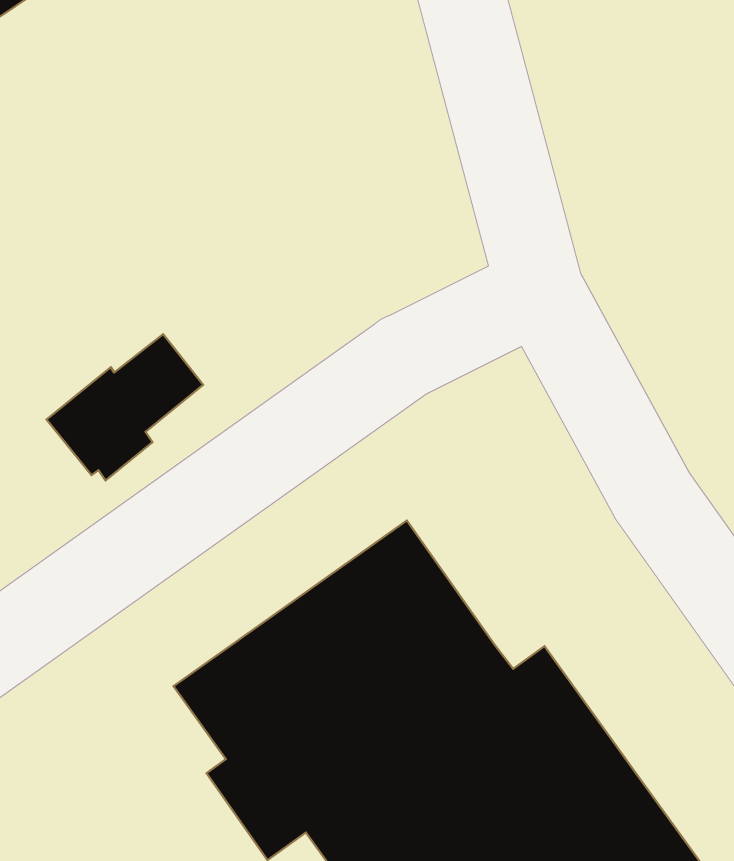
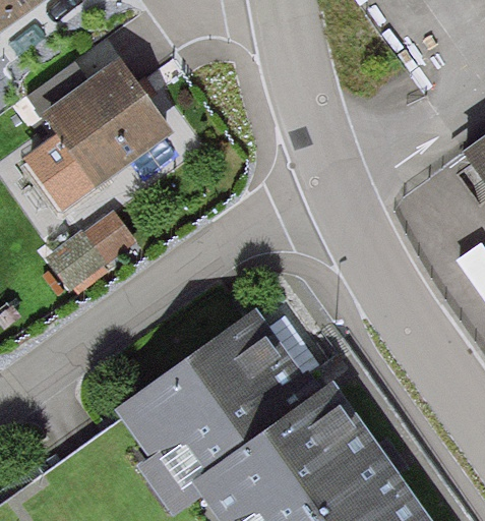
building: none -> [25,58,175,210]

